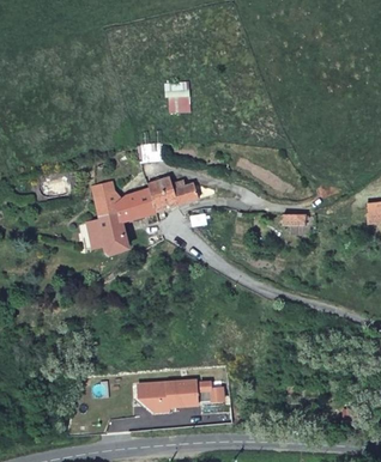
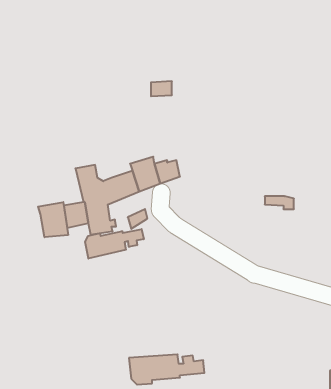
building: none -> [38,202,68,237]
building: none -> [85,229,144,259]

